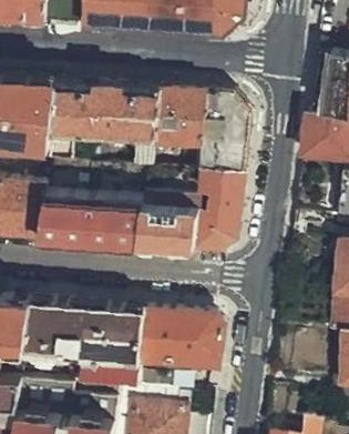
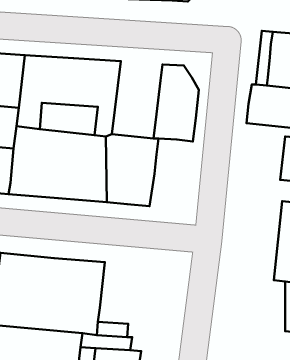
building: [156,94,208,152] -> none
building: [194,179,242,255] -> none
building: [140,314,223,372] -> none

